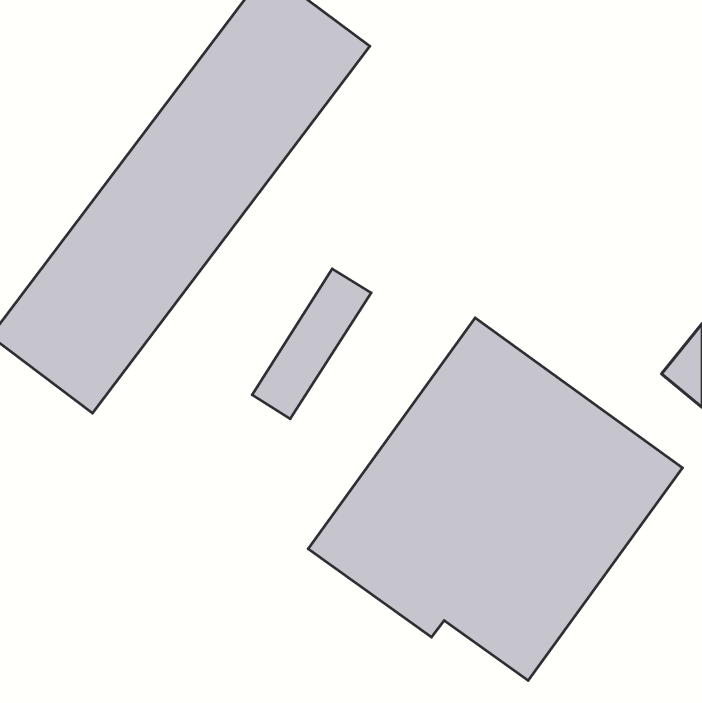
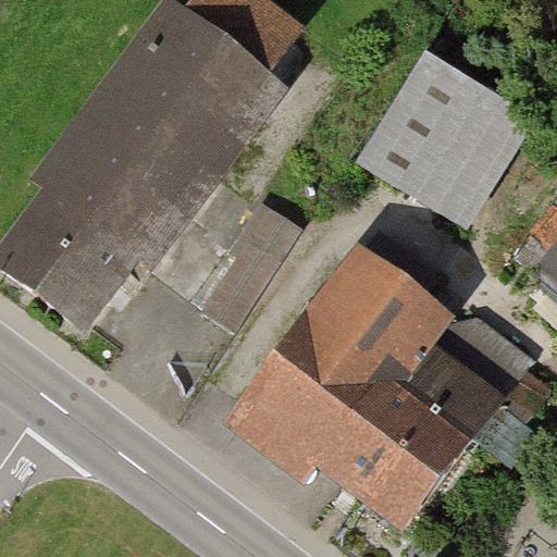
building: none -> [357,60,519,220]

